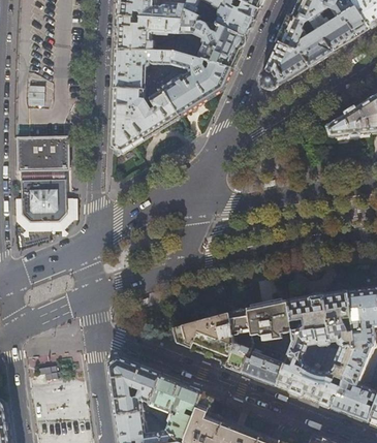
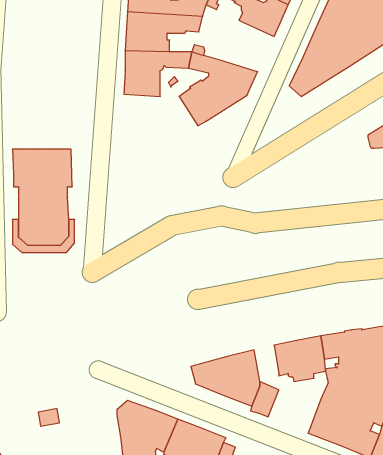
building: [179,9,246,68] -> none
building: [111,88,179,156] -> none
building: [228,309,250,336] -> none
building: [241,351,287,386] -> none

